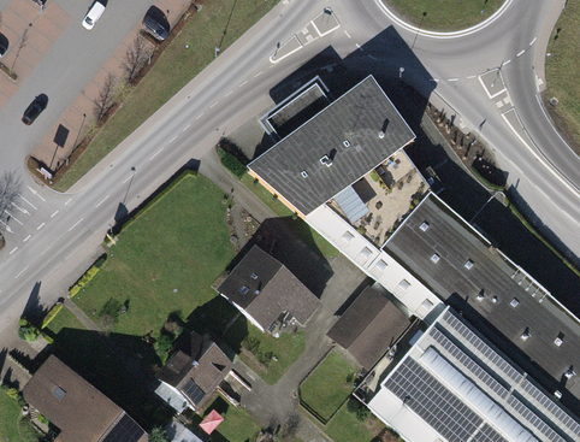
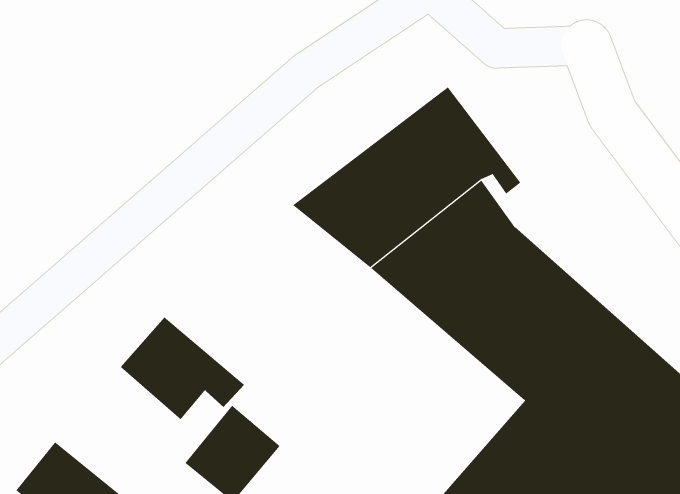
building: [221,244,320,326] -> [120,316,245,420]
building: [331,289,404,364] -> none

